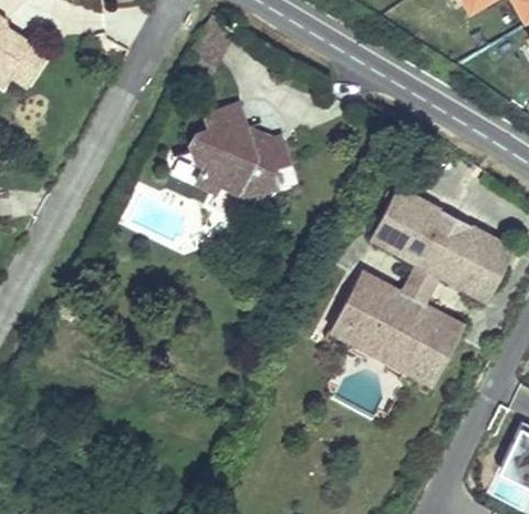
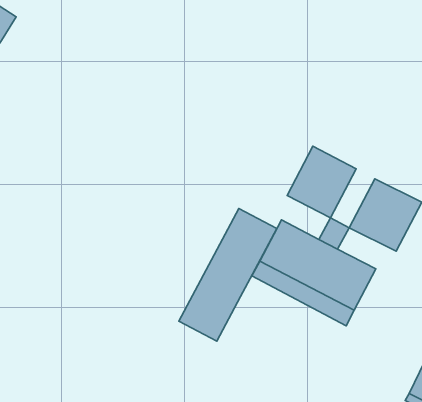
building: [184,107,282,205] -> none
building: [414,212,464,278] -> none
building: none -> [179,208,277,341]

